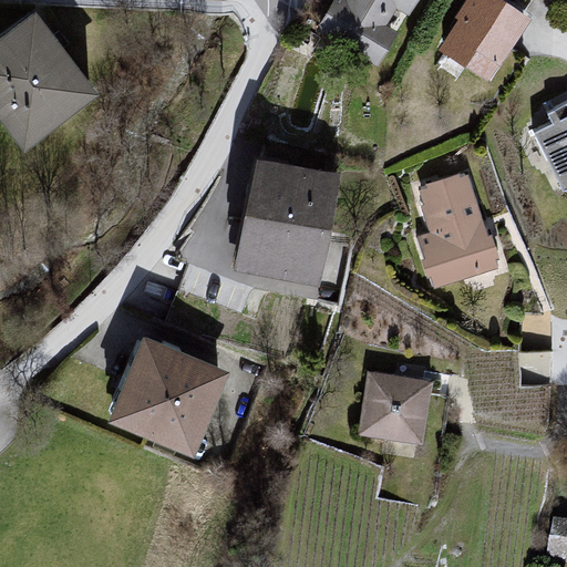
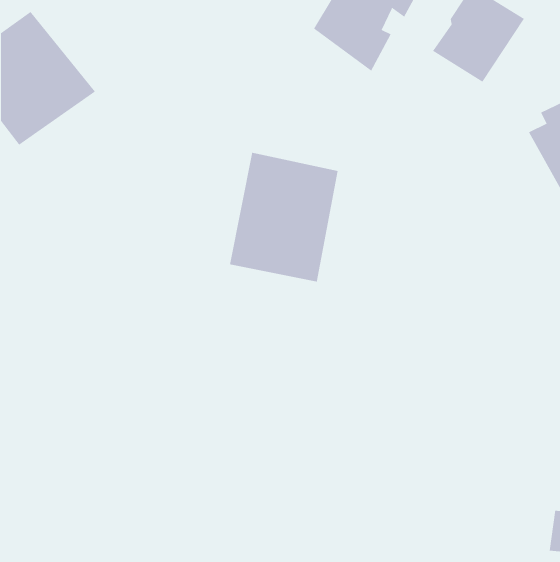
building: [416,174,499,290] -> none
building: [106,332,227,451] -> none
building: [360,375,431,446] -> none

